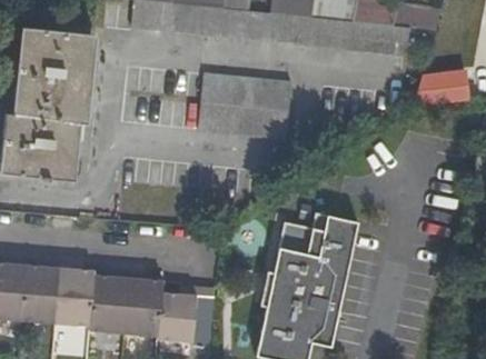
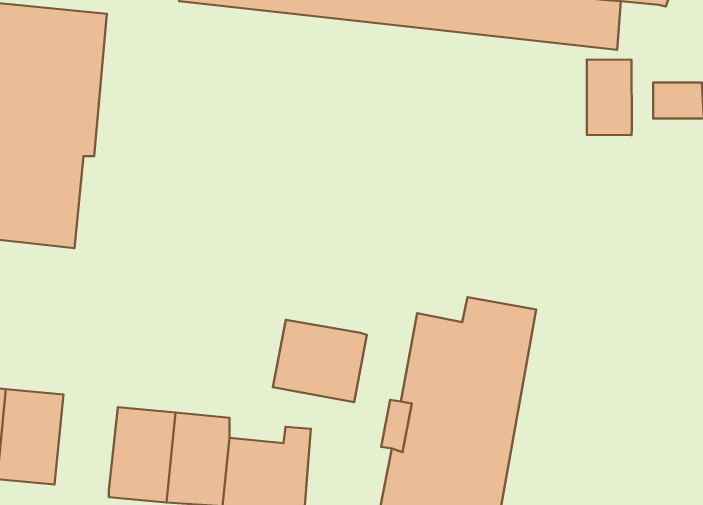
building: none -> [587,59,632,135]
building: [200,76,295,139] -> none
building: none -> [273,320,367,402]
building: [59,268,99,327] -> none

